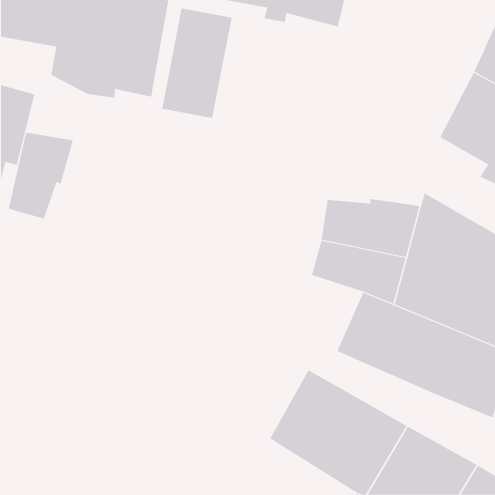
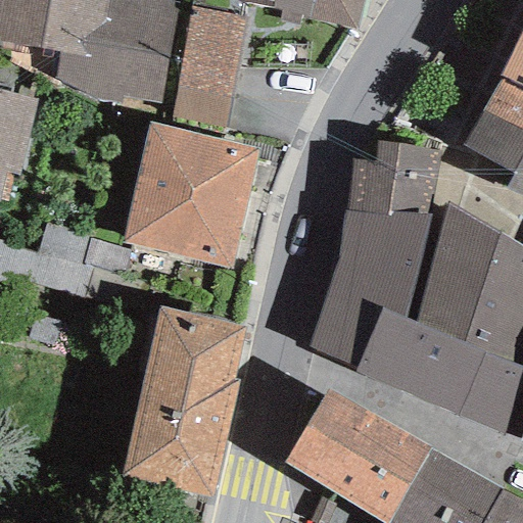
building: none -> [123,123,257,266]
building: [8,132,73,220] -> none
building: none -> [345,139,440,215]
building: none -> [308,289,383,369]
building: none -> [123,305,245,497]

